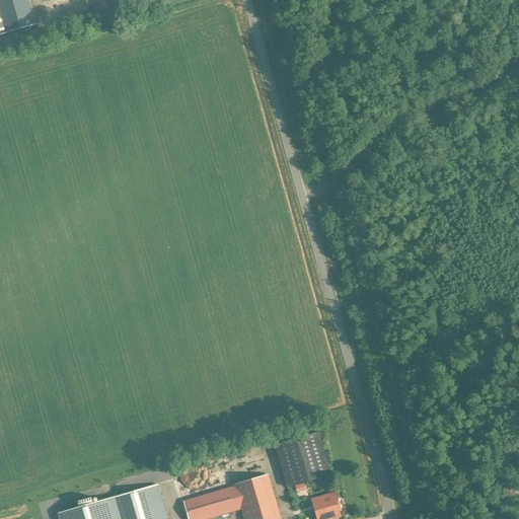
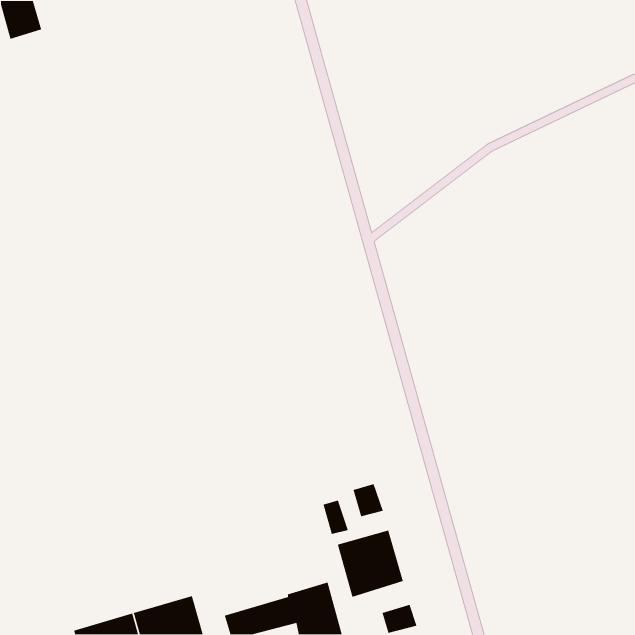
building: none -> [353,483,384,517]
building: none -> [323,500,349,535]

